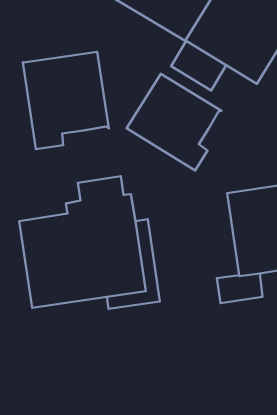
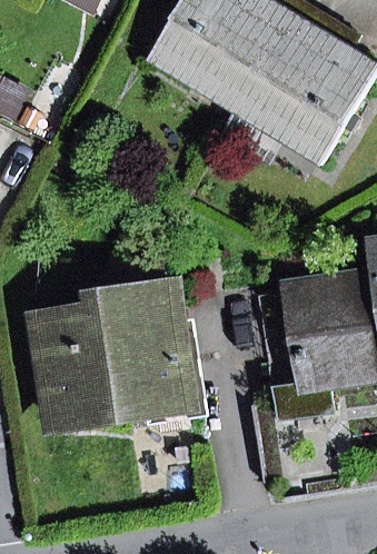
building: [23,52,109,149] -> none
building: [126,74,221,170] -> none

